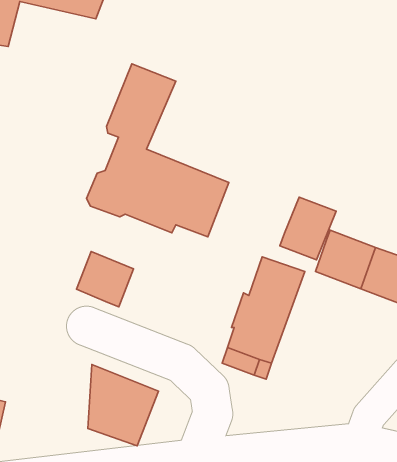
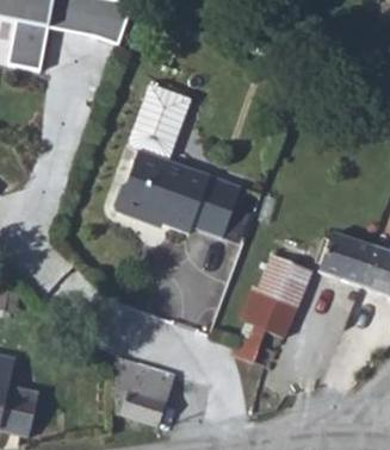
building: [280,197,336,260] -> none
building: [76,251,134,307] -> none

